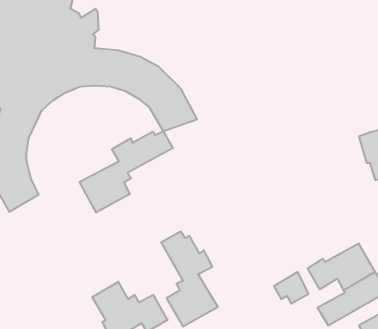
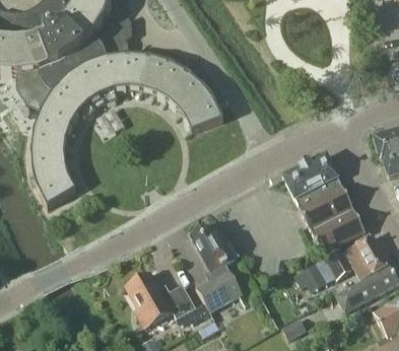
building: [79,131,173,212] -> none
building: none -> [282,151,367,253]

